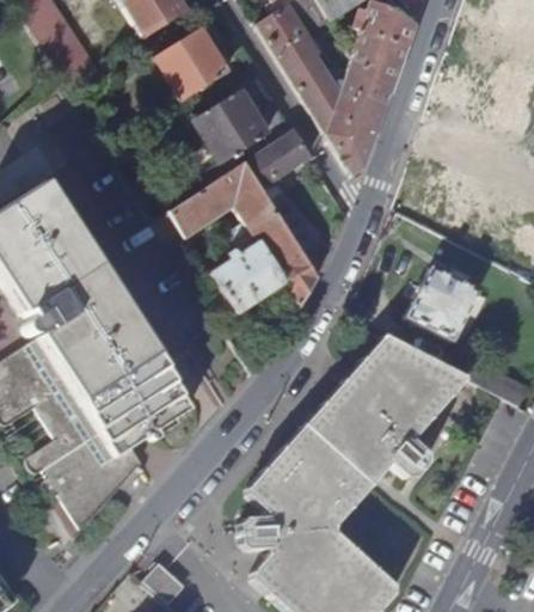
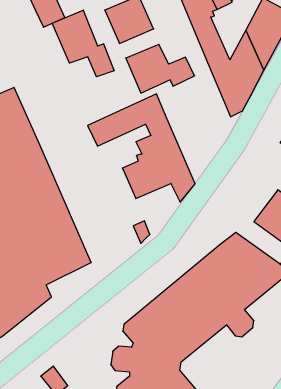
building: none -> [52,10,114,77]
building: [246,126,312,185] -> none

